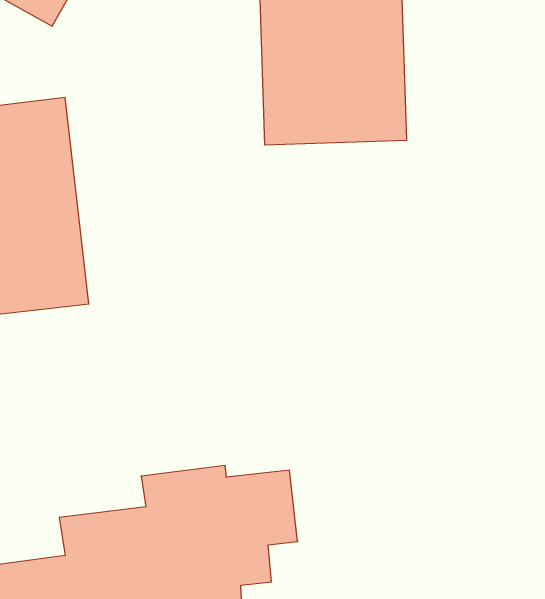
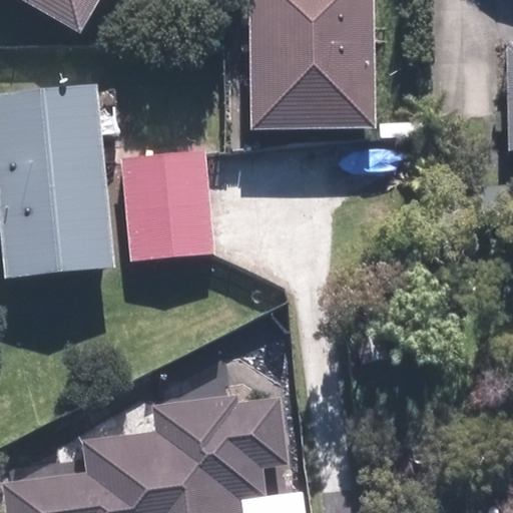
building: none -> [122,153,206,251]

